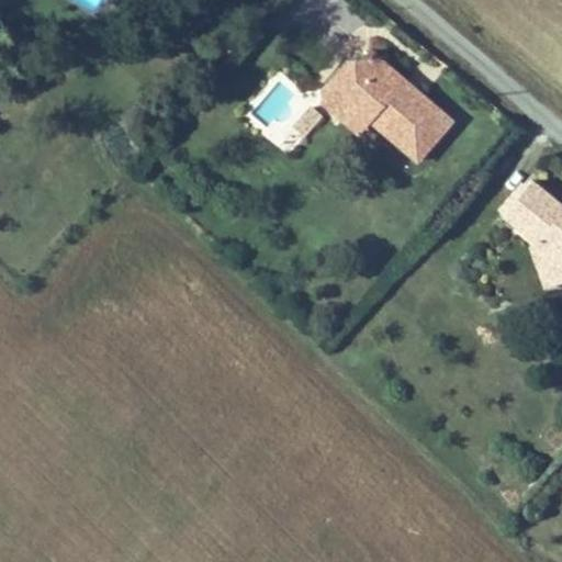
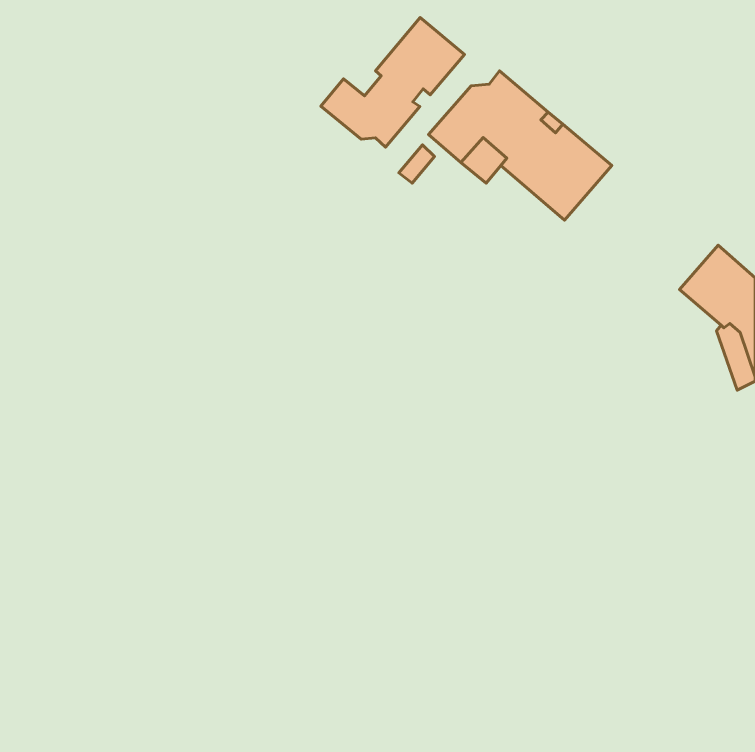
building: none -> [321,17,465,147]

